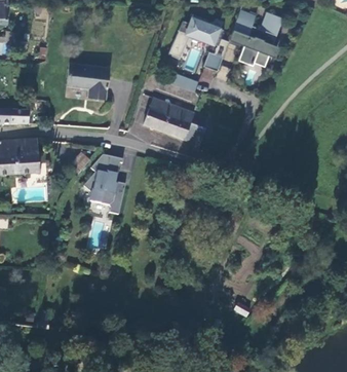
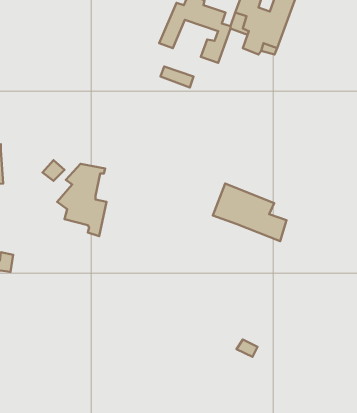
building: [67,62,108,98] -> none
building: [143,97,204,145] -> [213,183,286,241]

